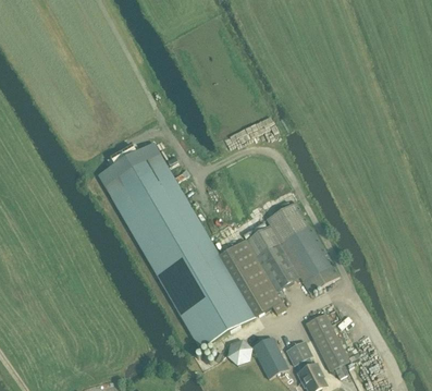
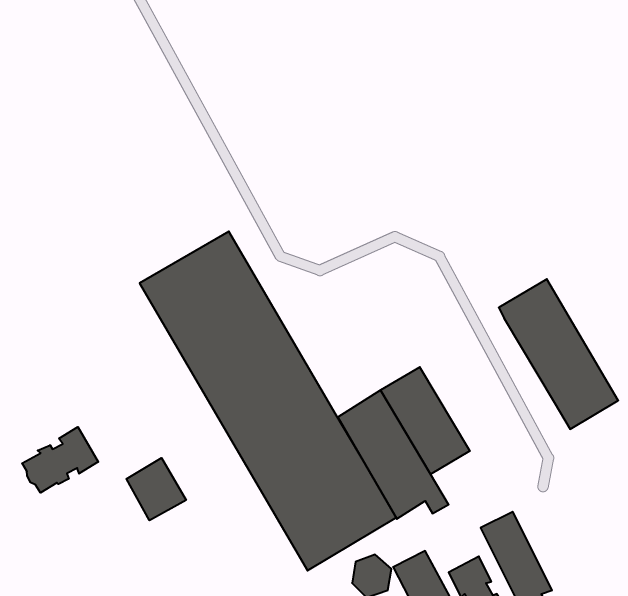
building: [266,200,338,292] -> [499,279,618,429]
building: none -> [22,427,98,493]
building: none -> [126,458,186,520]

